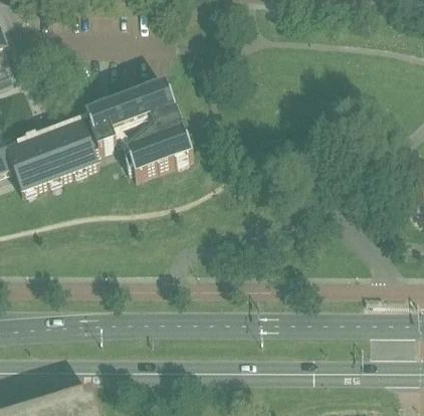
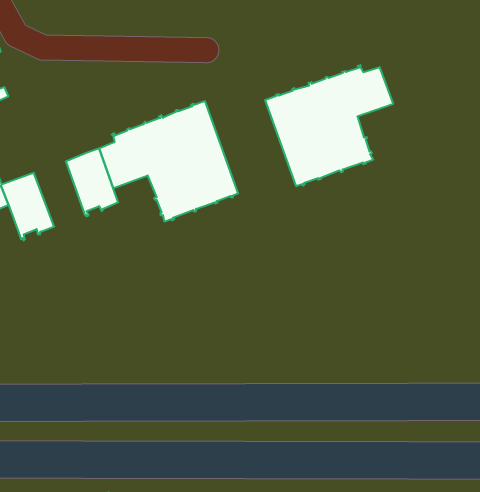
building: none -> [265,65,393,186]
building: [31,132,71,184] -> none

